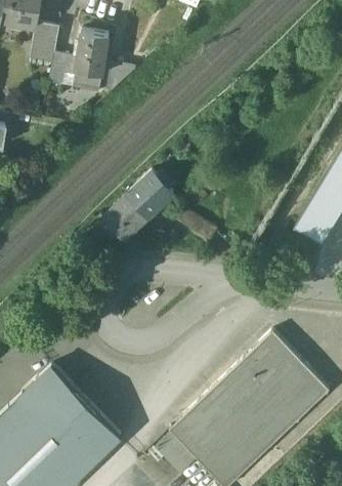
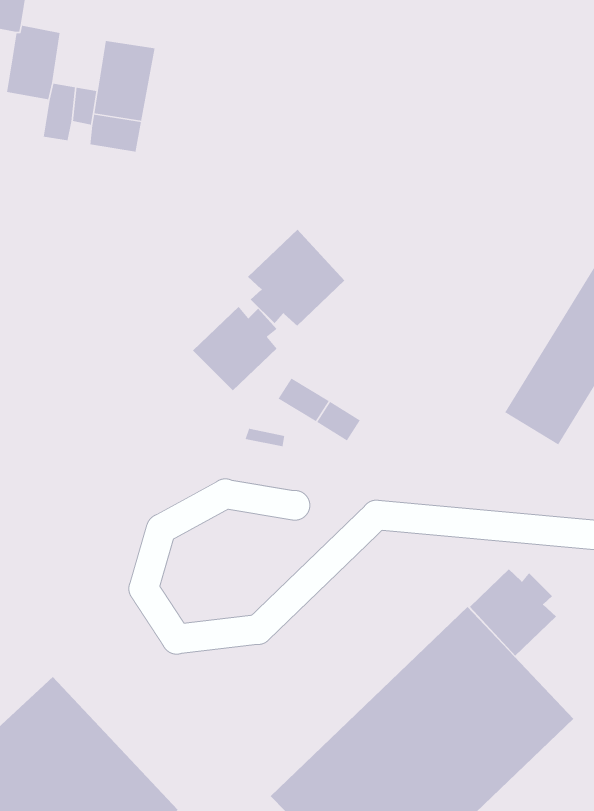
building: none -> [247,229,345,327]
building: [103,195,149,239] -> none
building: none -> [469,569,557,657]

